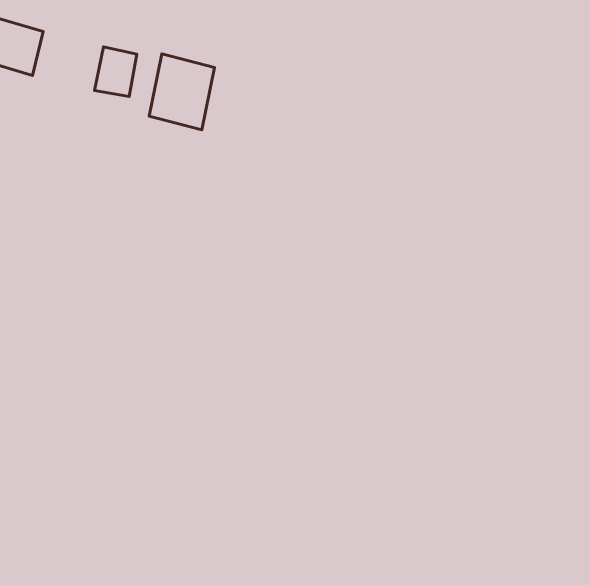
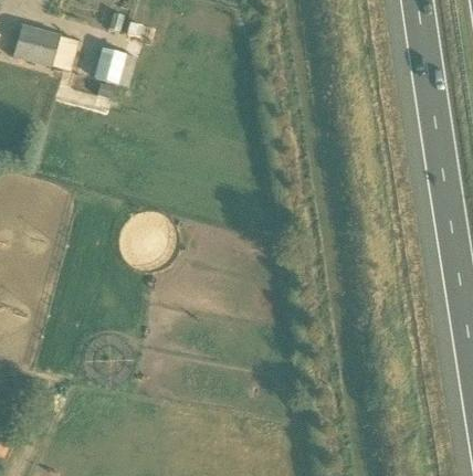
building: [149,54,215,130] -> none

